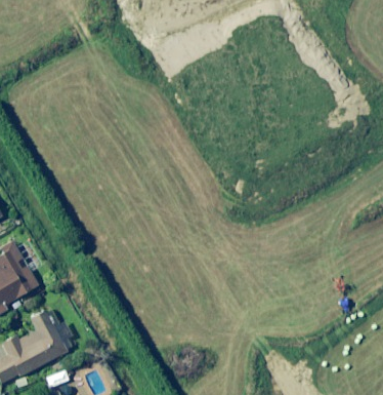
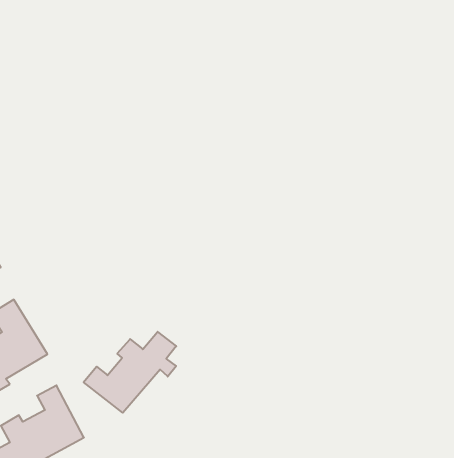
building: none -> [84,332,176,413]

